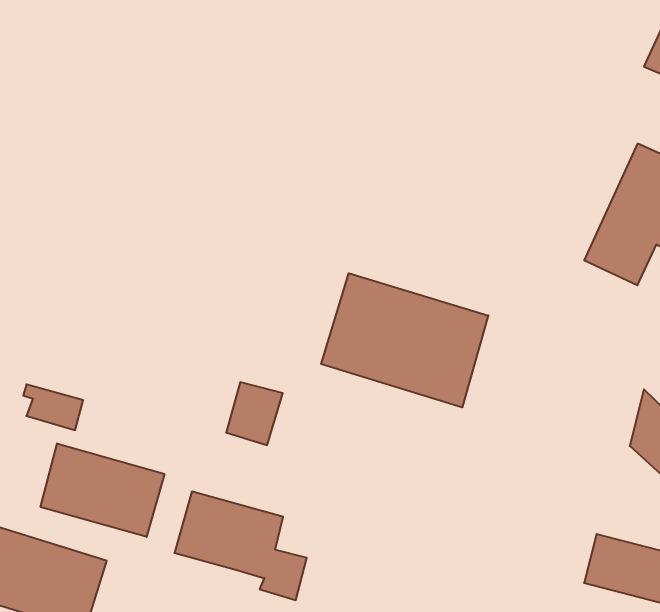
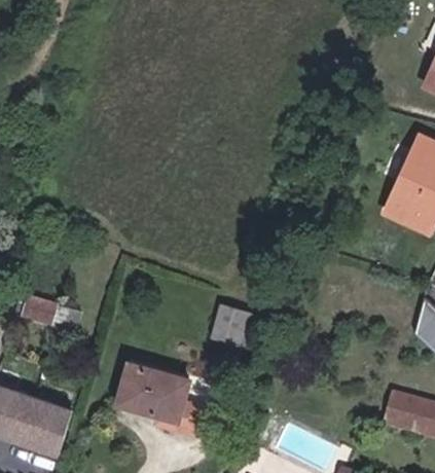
building: [321,273,488,407] -> none
building: [226,382,283,445] -> [211,304,248,345]
building: [41,443,164,537] -> none

